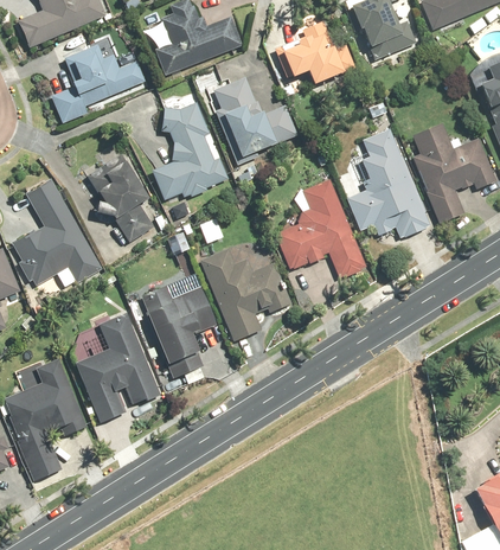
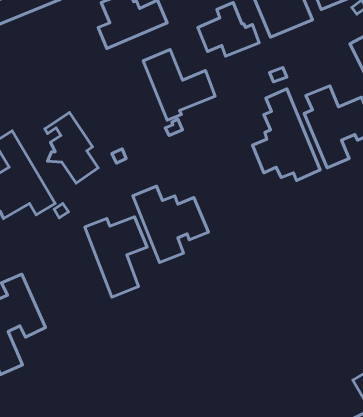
building: [50,45,146,123] -> none
building: [150,105,233,202] -> none
building: [275,178,366,277] -> none
building: [75,312,162,420] -> none

